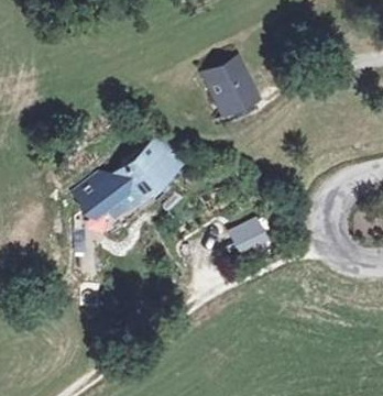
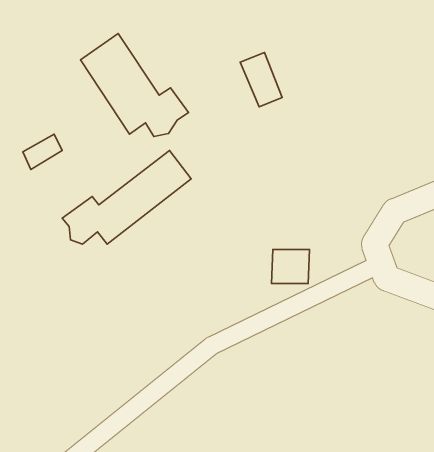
building: none -> [81,33,189,136]

